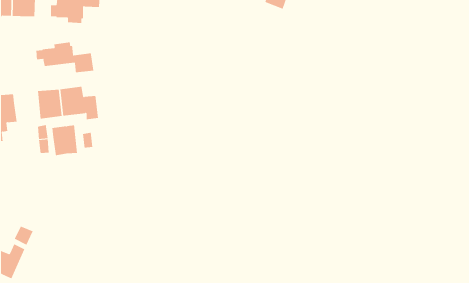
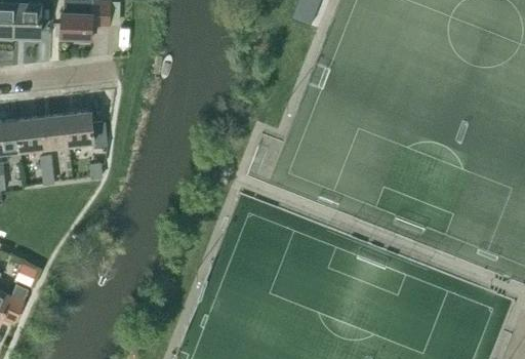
building: [36,41,94,73] -> none
building: [52,125,78,156] -> [15,116,44,150]

